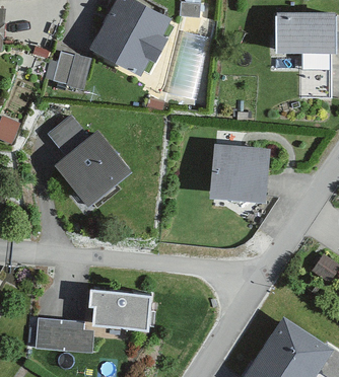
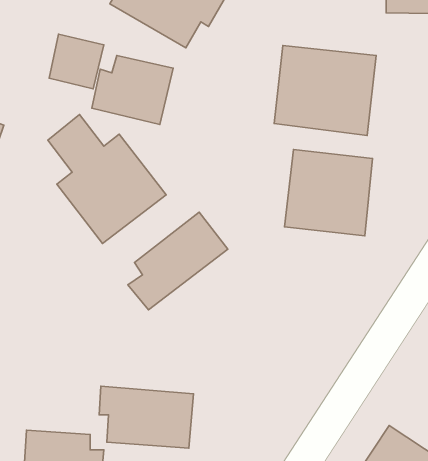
building: none -> [274,45,376,135]
building: none -> [92,56,173,124]
building: none -> [128,212,228,310]

